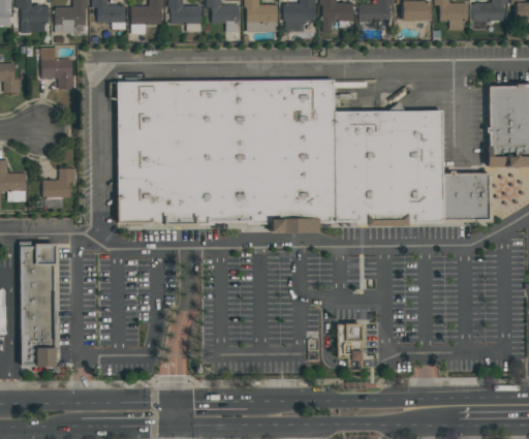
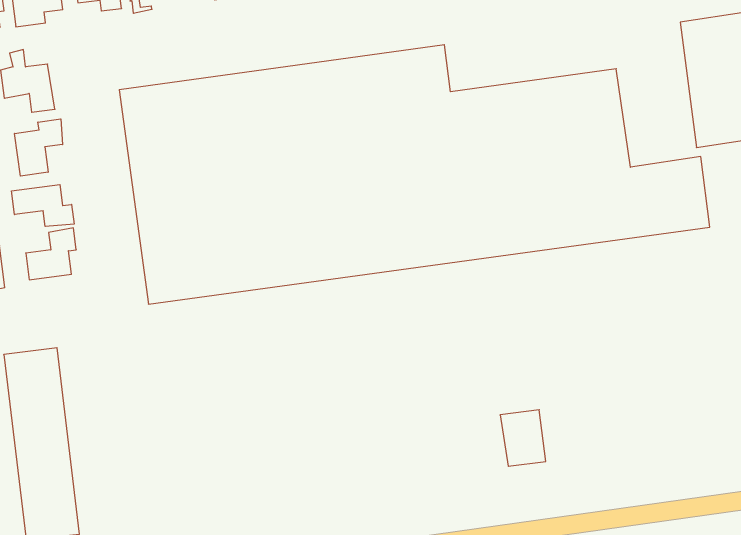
building: none -> [15,119,63,176]
building: none -> [12,185,74,226]

